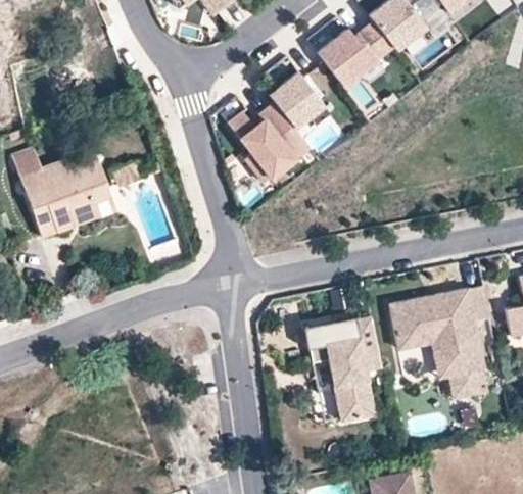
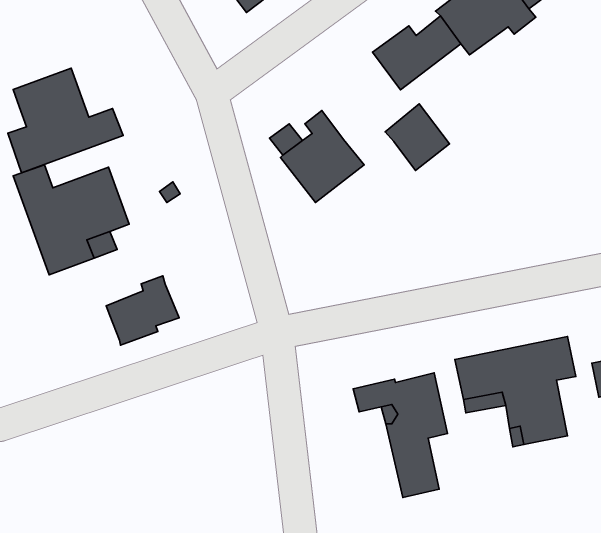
building: none -> [8,68,123,173]
building: [268,66,322,122] -> [385,104,449,170]
building: none -> [106,276,179,345]

